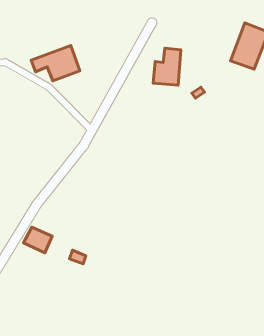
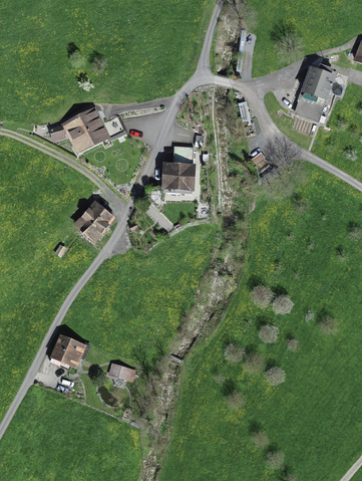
building: [153,48,181,85] -> [161,144,194,189]
building: none -> [75,200,113,240]

